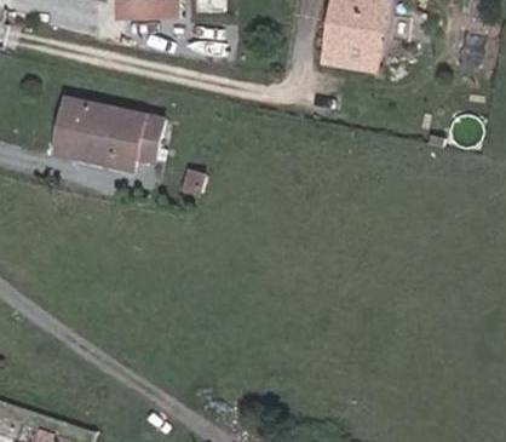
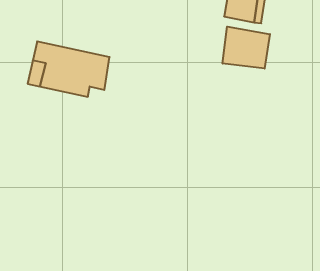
building: none -> [223,27,270,69]

